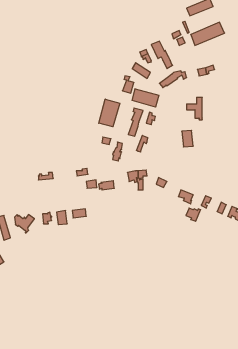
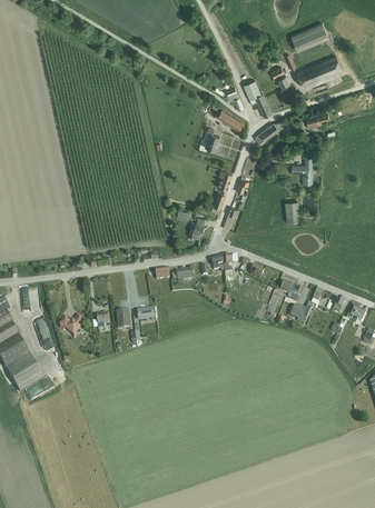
building: [132,89,159,107] -> none
building: [99,99,120,127] -> none

